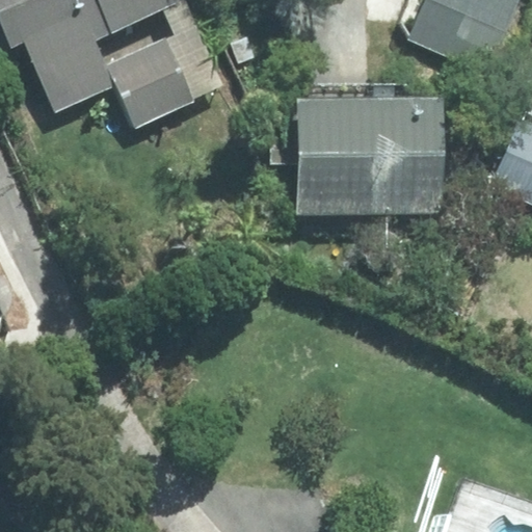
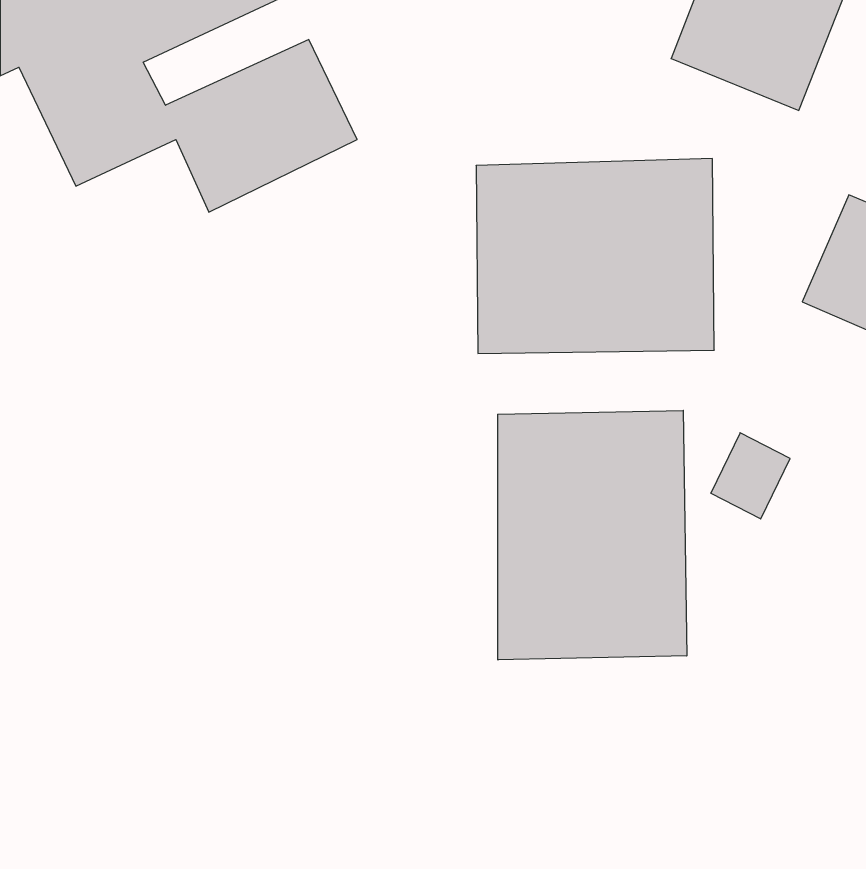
building: none -> [498,410,687,660]

